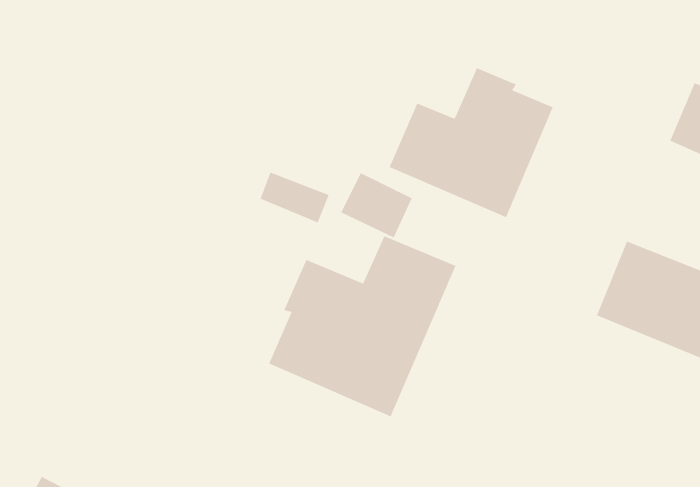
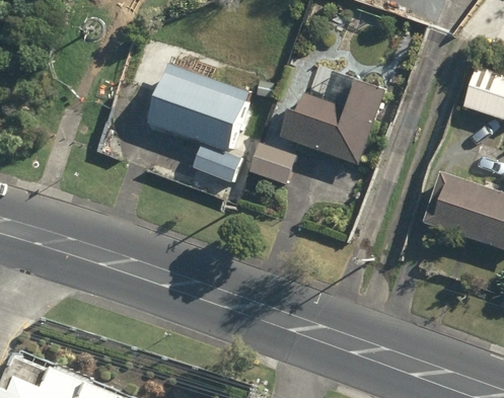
building: none -> [145,64,247,152]
building: [268,235,456,417] -> none

